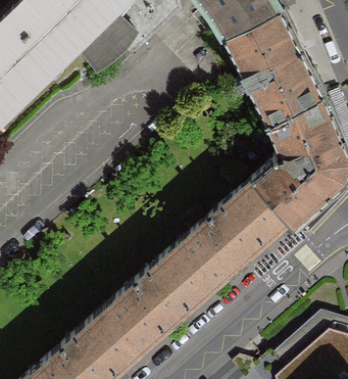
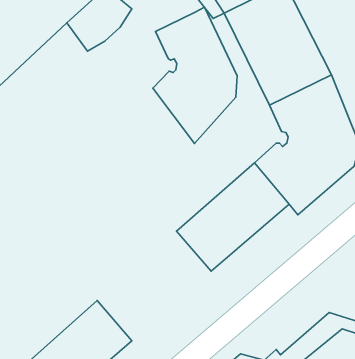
building: none -> [153,7,237,143]
building: [104,248,211,351] -> none

